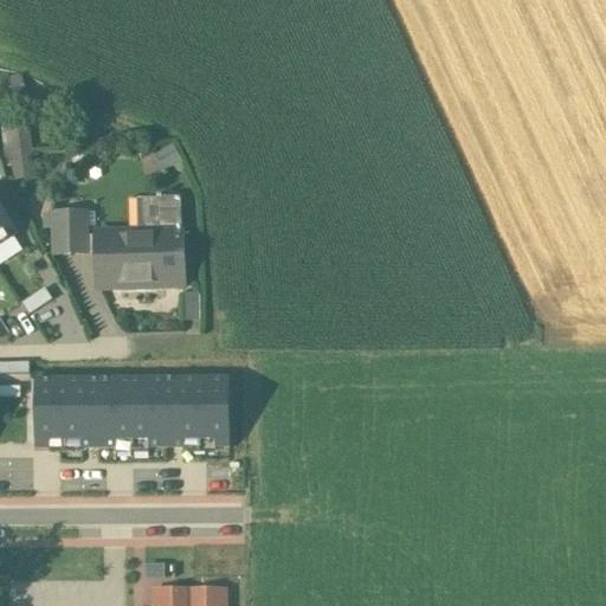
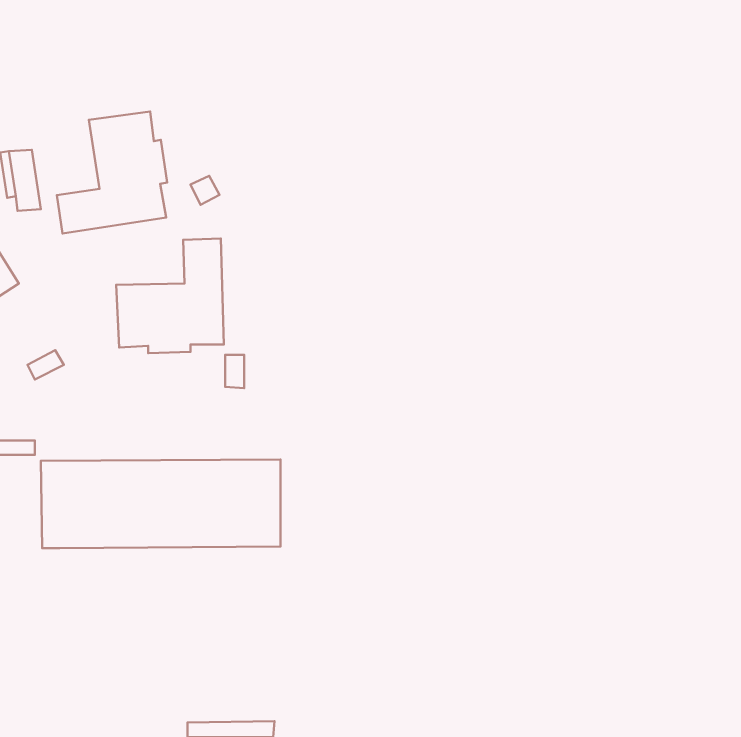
building: none -> [57,112,167,233]
building: [52,209,86,251] -> none

